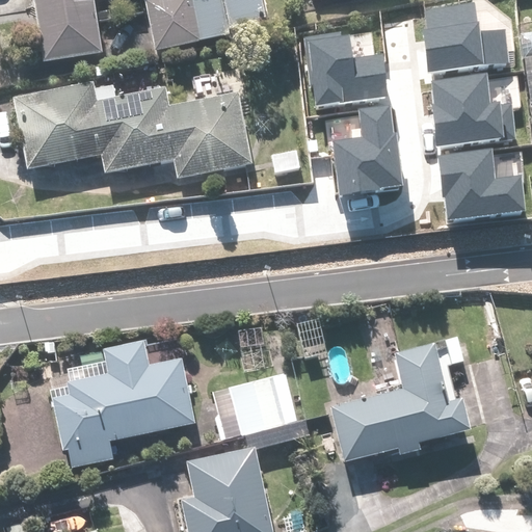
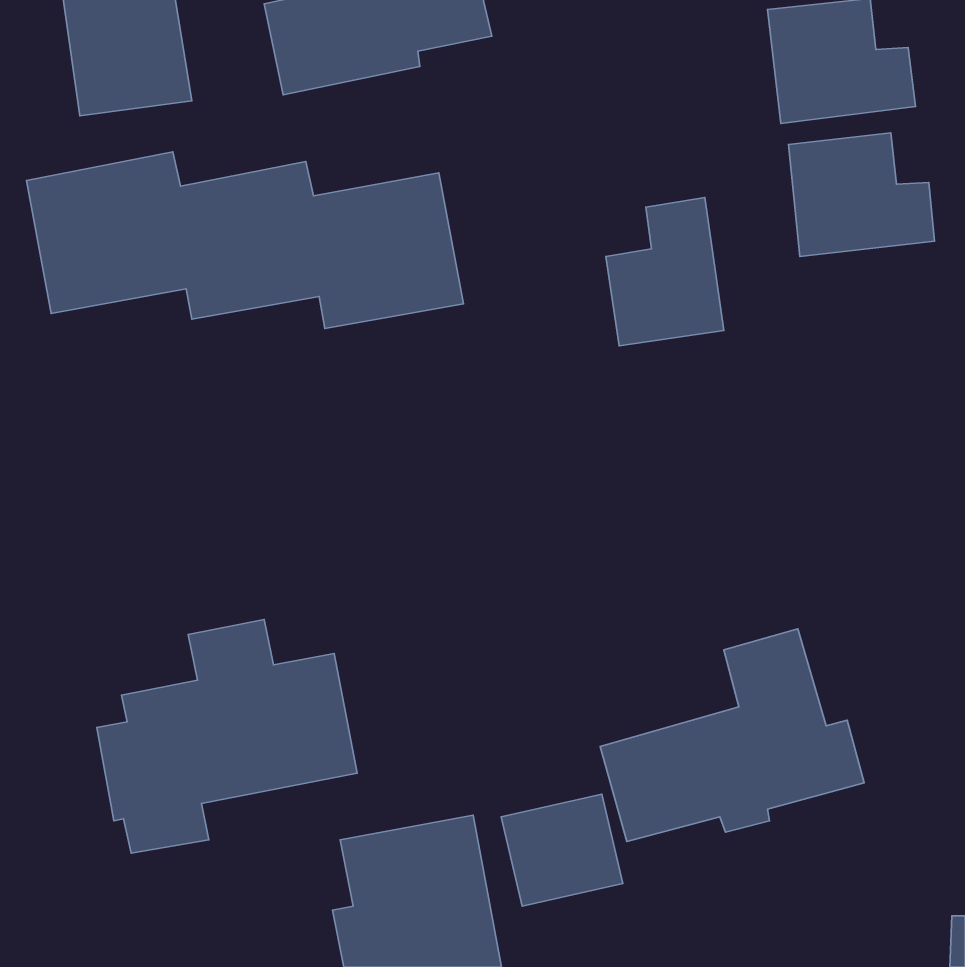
building: [309,30,382,102] -> none
building: [435,147,524,217] -> none
building: [229,374,295,435] -> [501,794,623,906]

